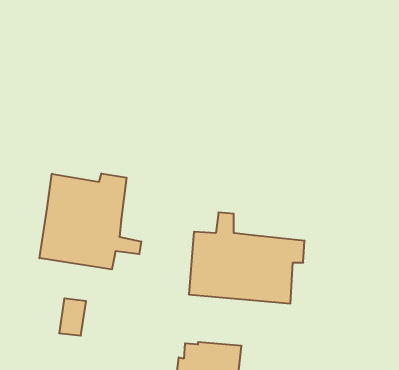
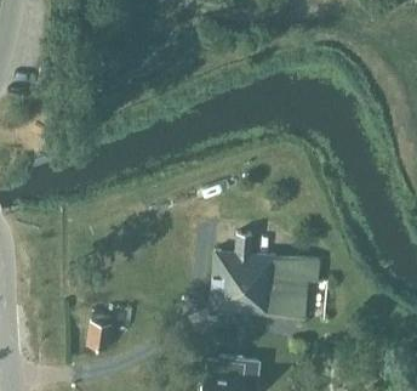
building: [39,173,141,269] -> none

